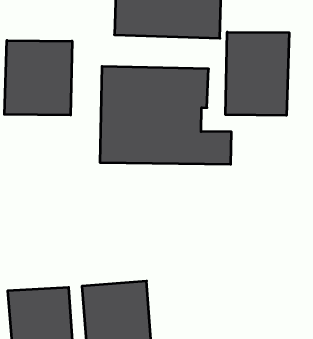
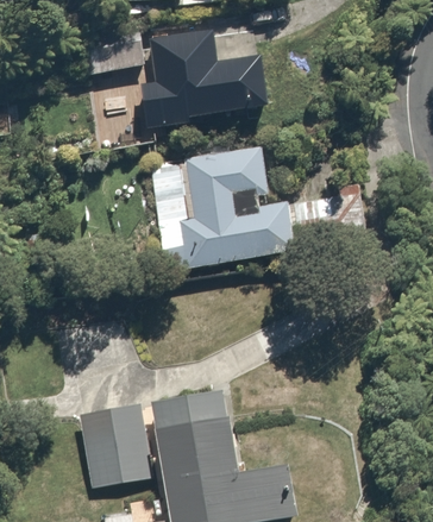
building: [226,32,289,115] -> none
building: [4,40,72,115] -> none

